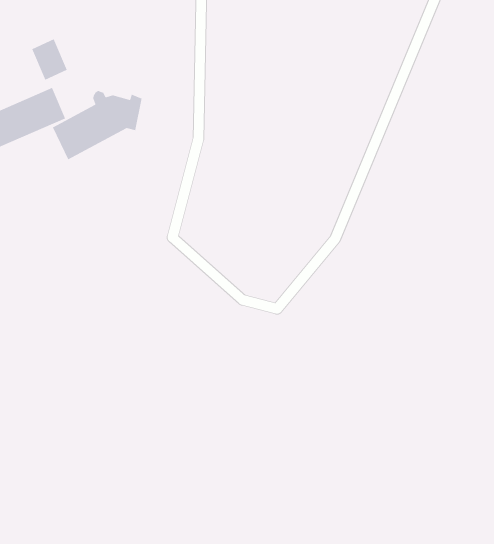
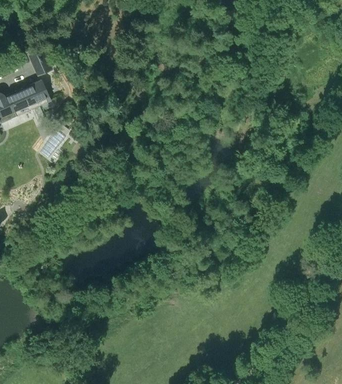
building: [52,90,142,160] -> none

